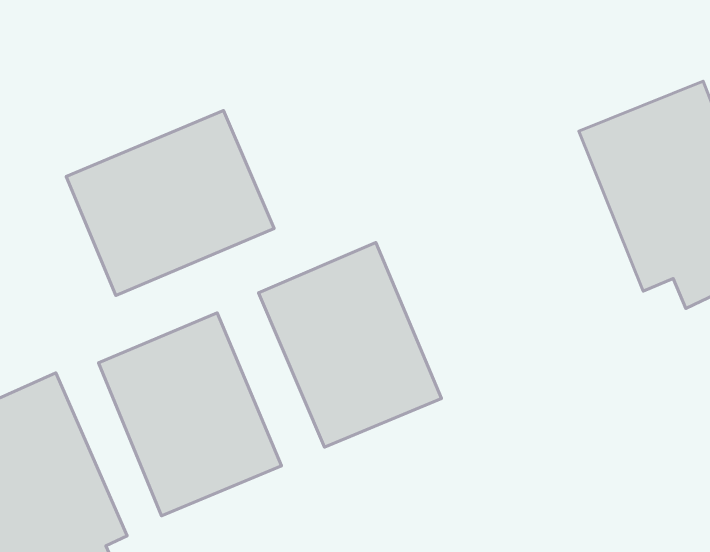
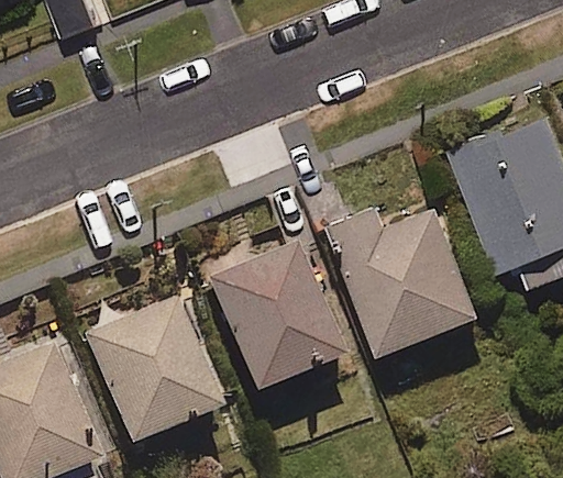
building: [66,111,274,296] -> none
building: none -> [328,202,486,357]

